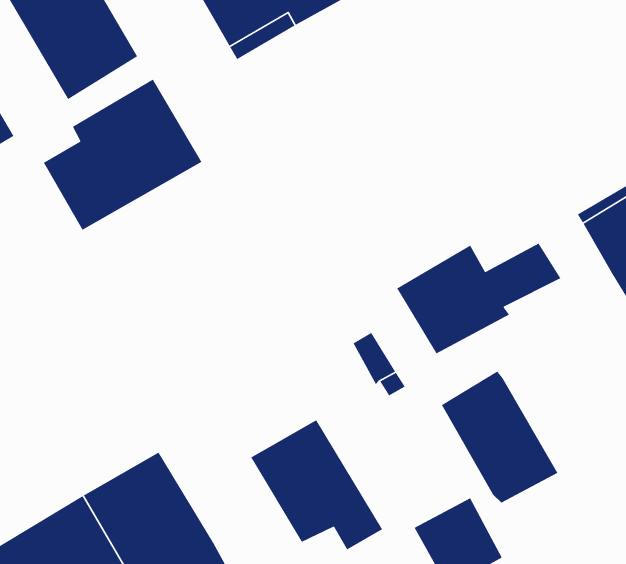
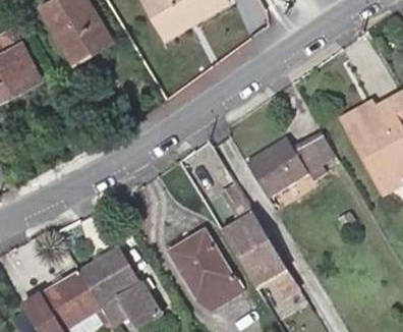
building: [43,78,202,231] -> none
building: [441,371,558,504] -> [224,217,287,288]

